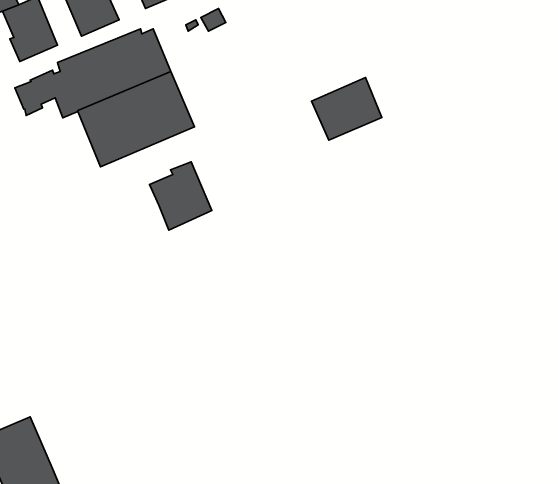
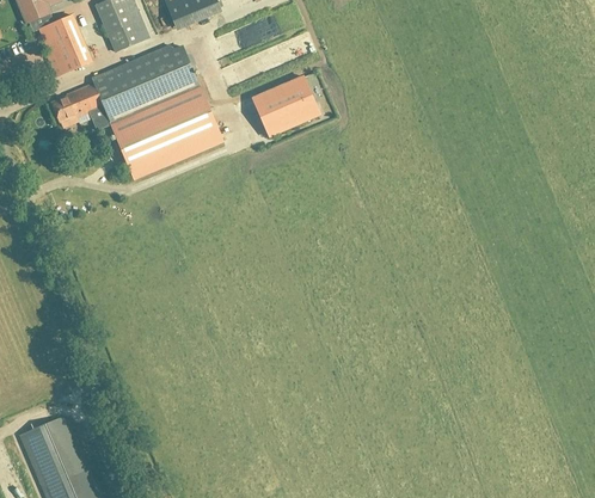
building: [311,77,382,140] -> [251,75,318,135]
building: [149,162,212,230] -> none

